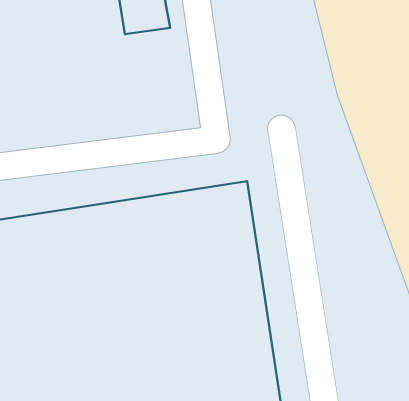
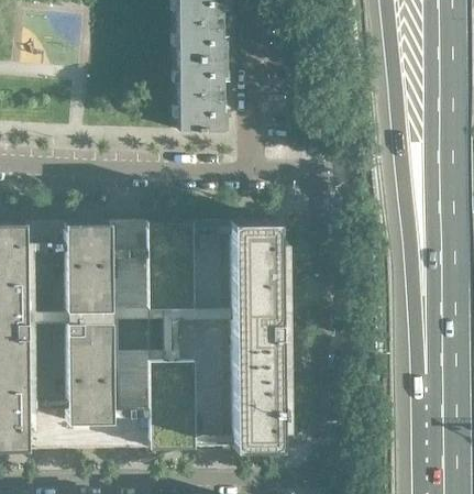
building: none -> [180,61,230,133]

